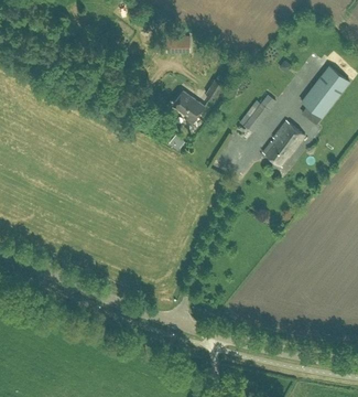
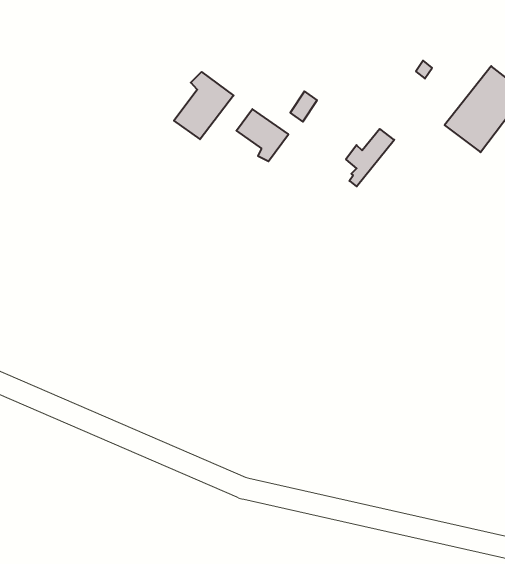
building: none -> [174,72,234,139]
building: [263,121,304,168] -> none

